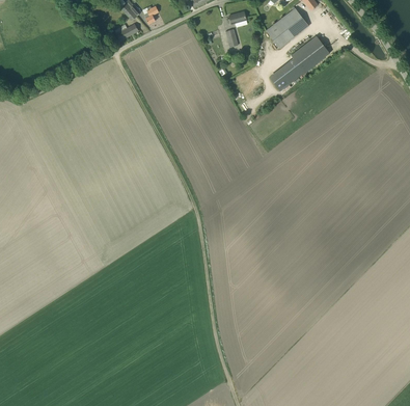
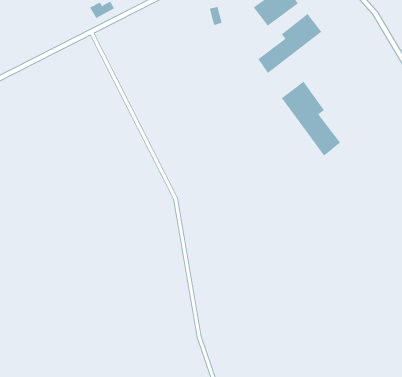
building: none -> [280,81,341,157]

